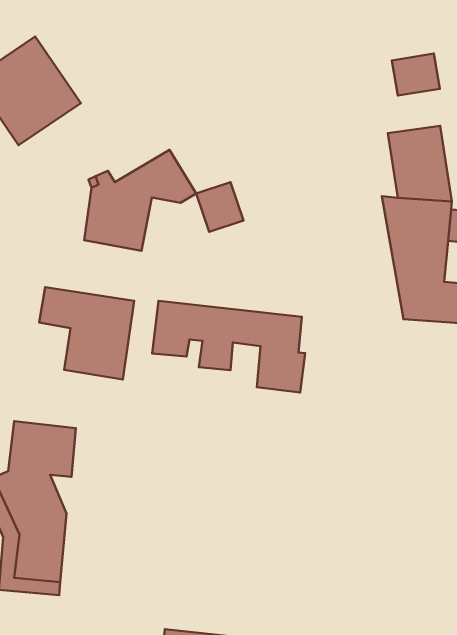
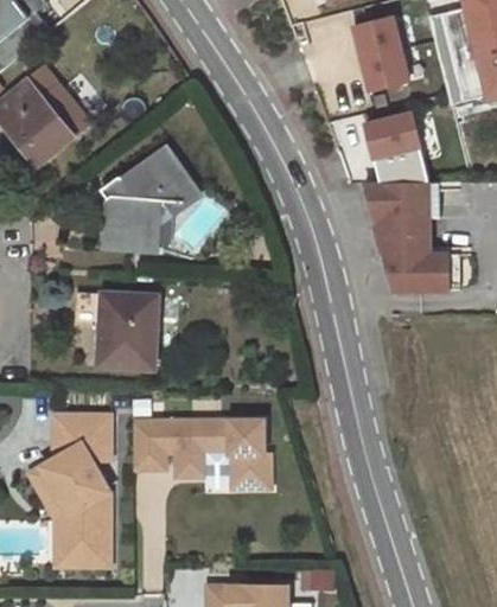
building: none -> [355,18,400,59]
building: [196,182,244,232] -> none
building: [152,301,305,392] -> [134,421,270,491]

